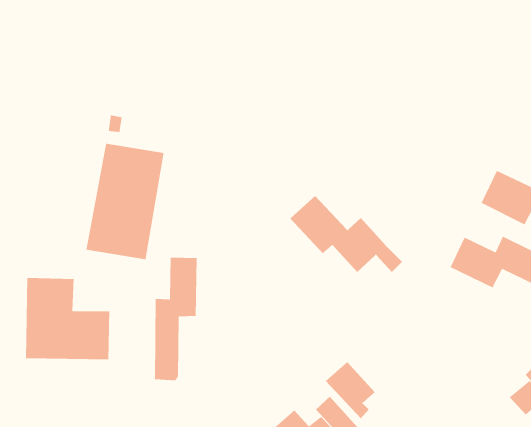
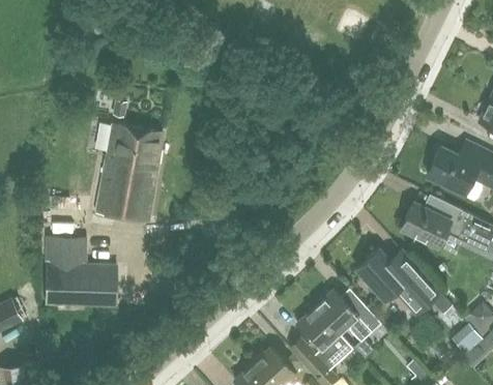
building: [289,195,403,273] -> [357,249,453,315]
building: [154,257,197,381] -> none
building: none -> [316,290,382,342]

